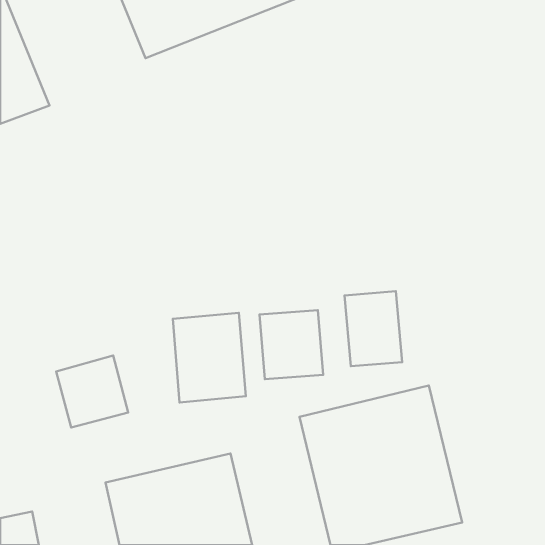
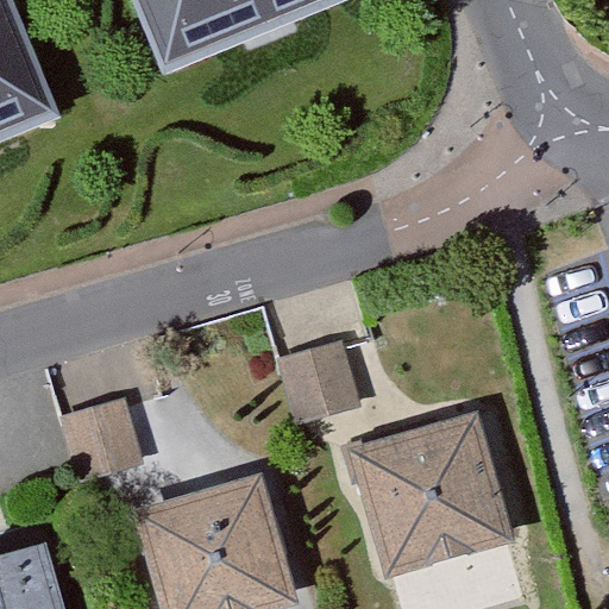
building: [344,291,402,366] -> none
building: [173,313,246,402] -> none

